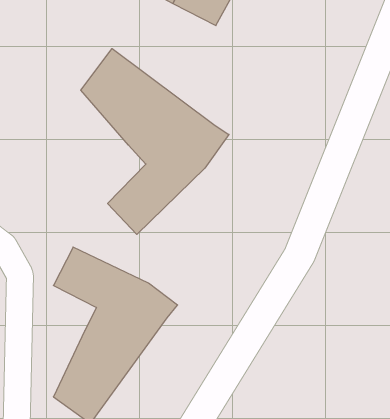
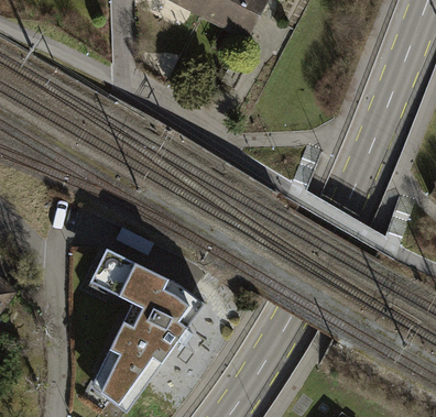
building: [81,49,229,234] -> none

